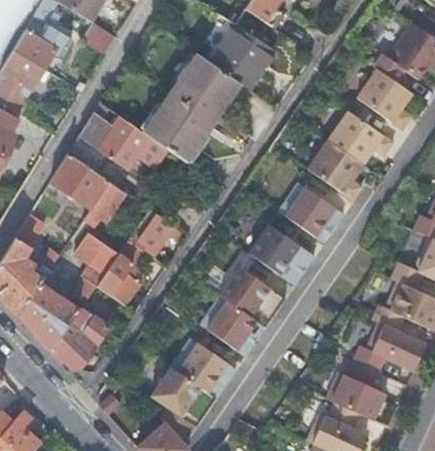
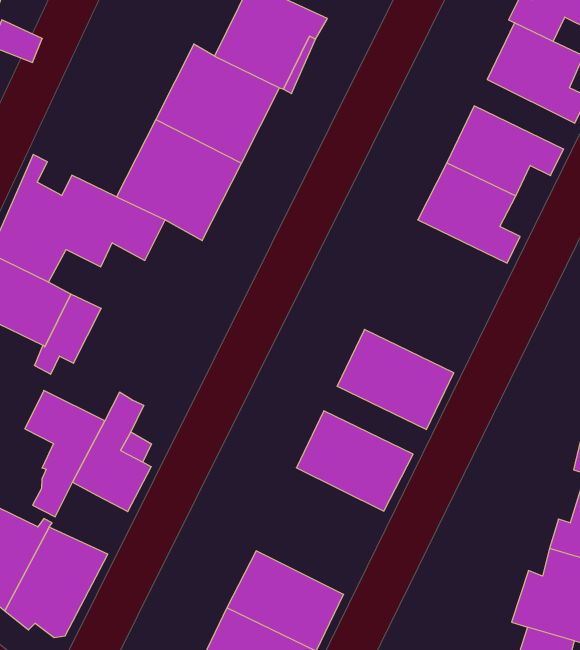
building: [278,181,344,242] -> none
building: [129,208,182,255] -> none
building: [199,294,265,355] -> none

